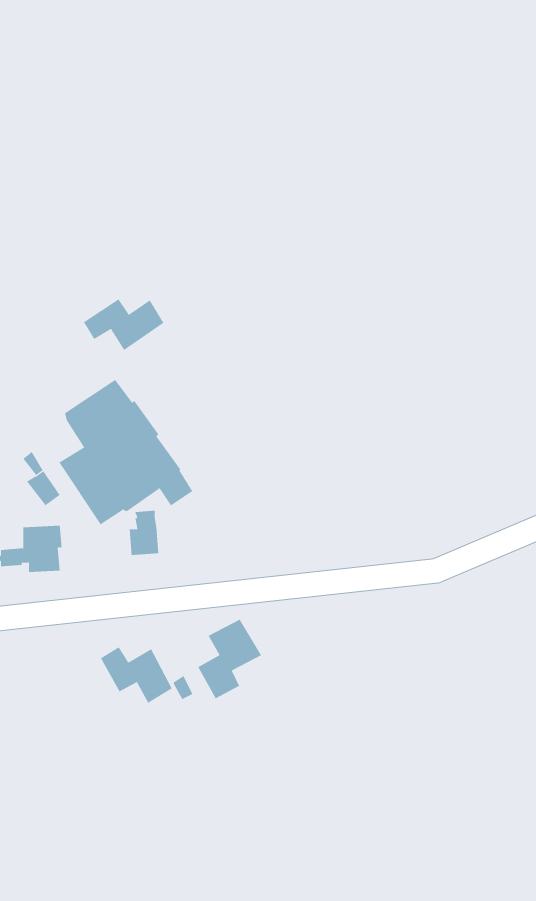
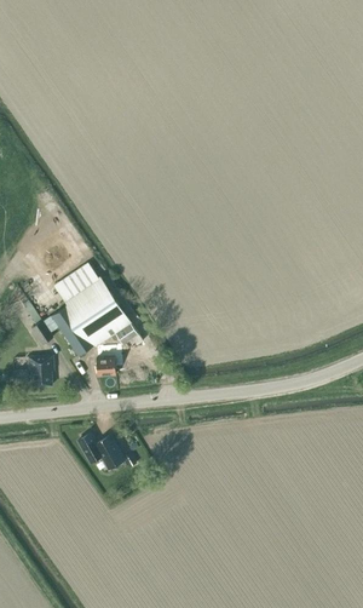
building: [83,298,164,351] -> none
building: [197,619,262,699] -> none

